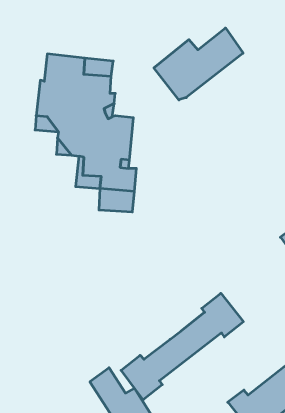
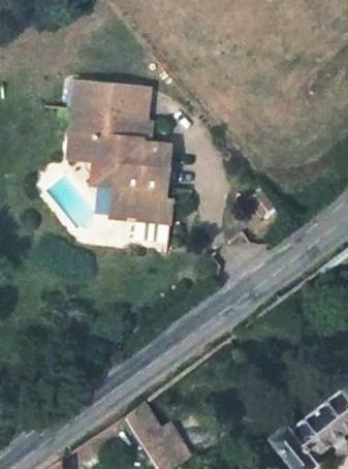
building: [154,28,243,100] -> none
building: [121,293,243,400] -> none

